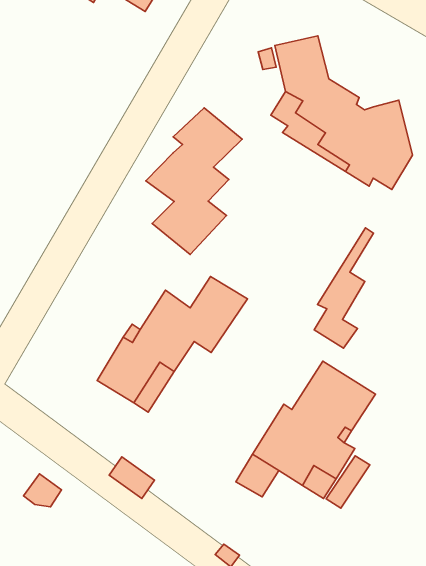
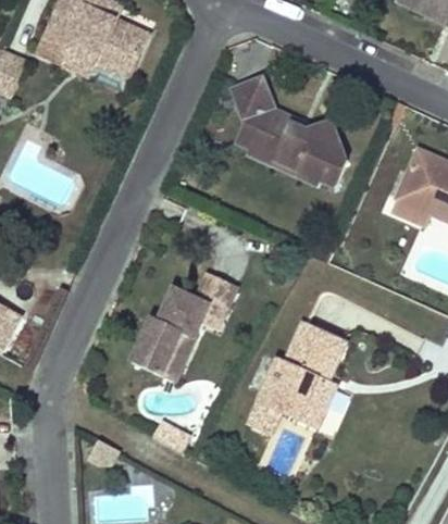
building: [146,108,242,255] -> none
building: [314,228,374,348] -> none

